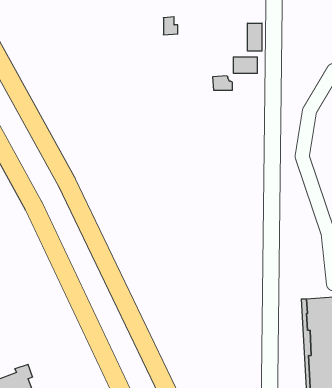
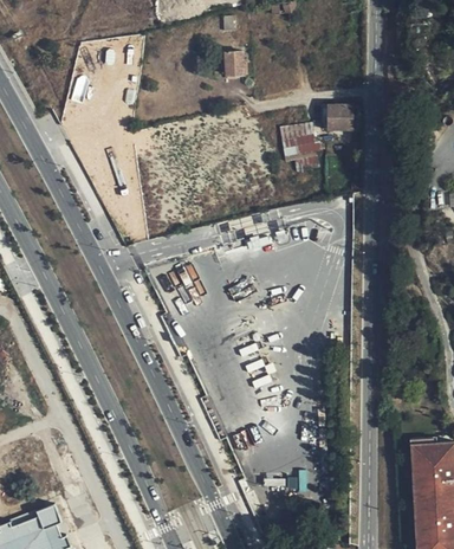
building: [248,23,262,51] -> none

